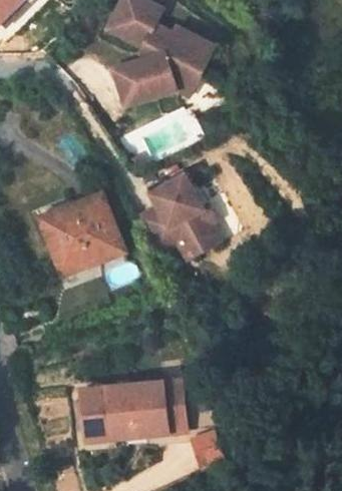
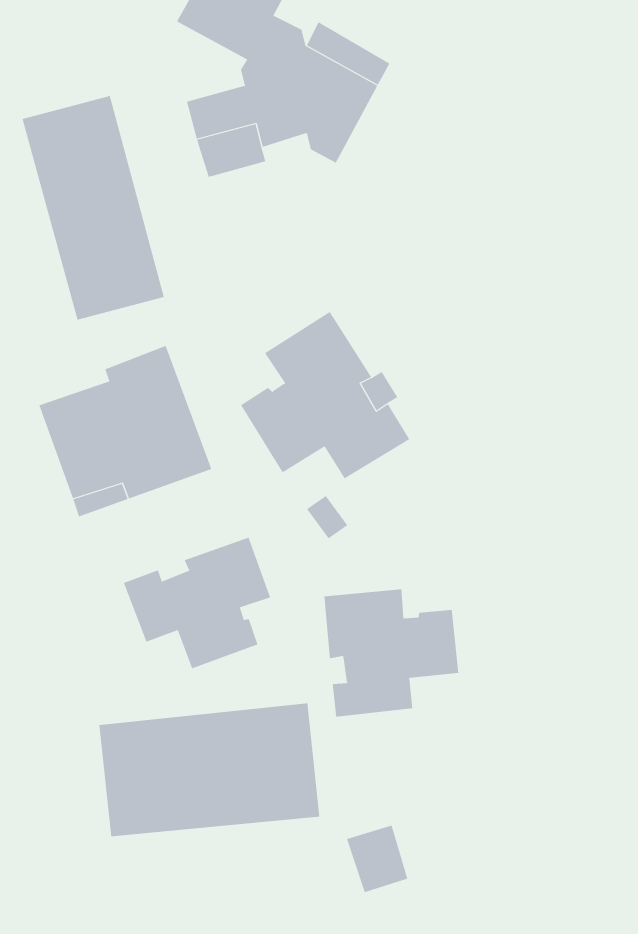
building: none -> [22,95,164,321]
building: none -> [123,537,271,669]
building: none -> [324,589,459,717]

